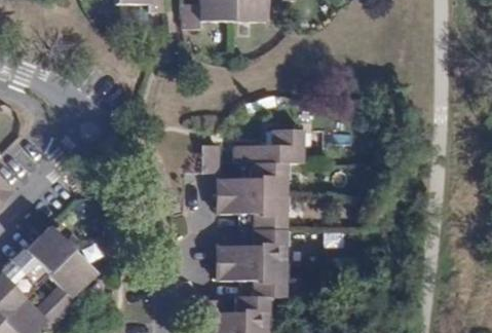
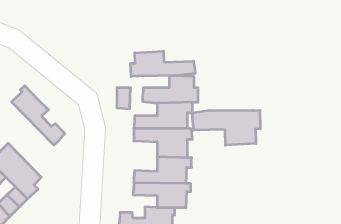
building: none -> [131,51,195,77]
building: none -> [12,86,65,145]
building: none -> [192,110,260,145]

